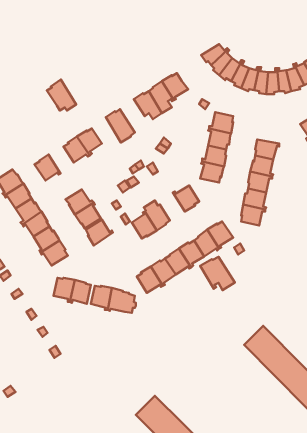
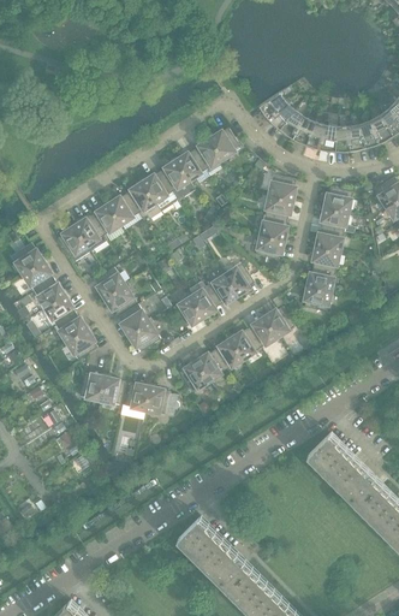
building: [47,79,76,110] -> [124,180,159,218]
building: none -> [157,159,193,199]
building: none -> [322,186,351,212]
building: none -> [72,215,106,250]
building: none -> [206,271,236,304]
building: none -> [126,319,159,351]
building: [200,257,235,290] -> none

